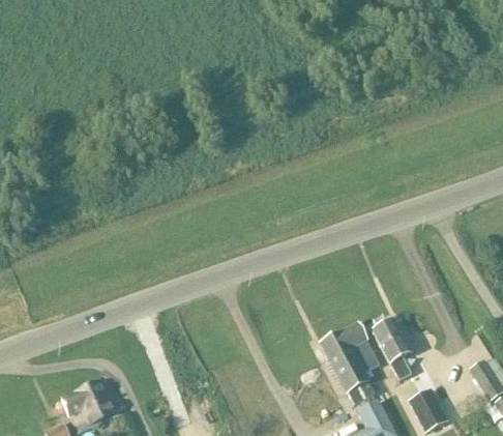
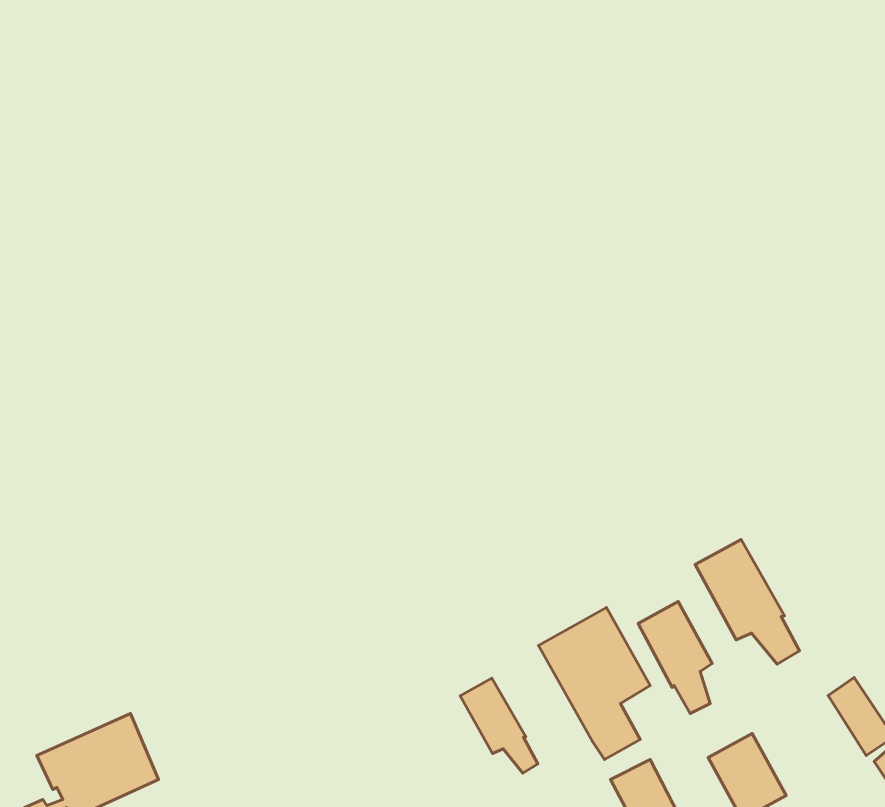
building: none -> [695,539,799,664]
building: none -> [460,678,538,773]

